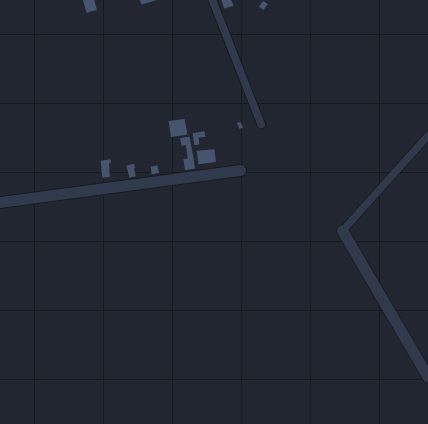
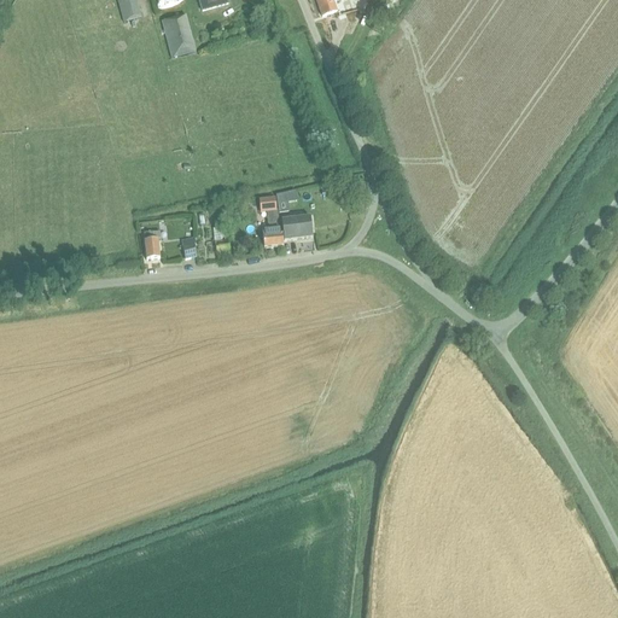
building: none -> [162,13,194,56]
building: [168,118,188,138] -> none

